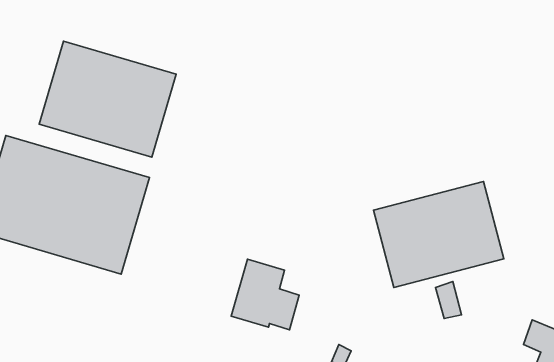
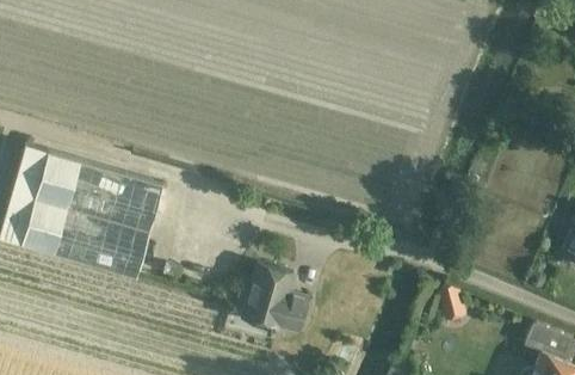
building: [39,41,176,157] -> none
building: [374,182,504,287] -> none

